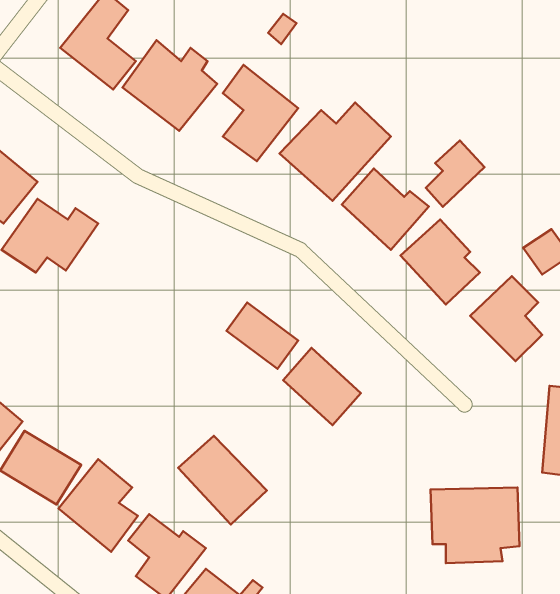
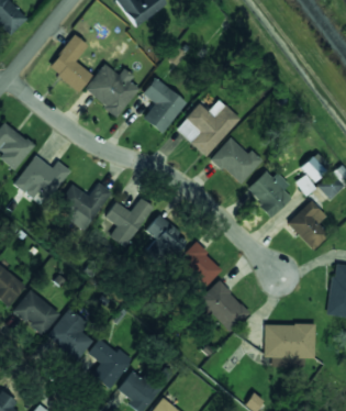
building: [426,141,484,207] -> [295,155,330,193]
building: none -> [60,184,111,231]
building: none -> [105,199,153,248]
building: [178,436,267,525] -> [199,281,250,333]

